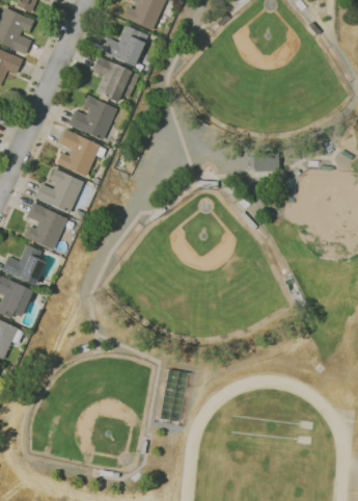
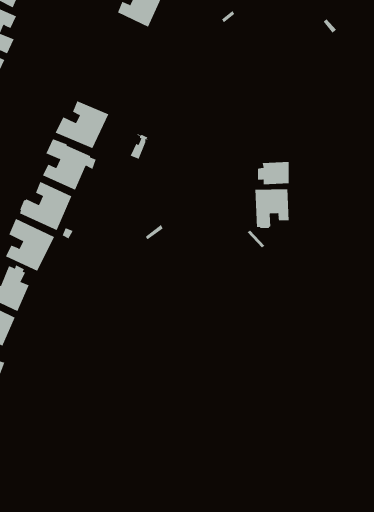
building: [102,25,147,65] -> none
building: [92,56,138,101] -> none
building: none -> [255,188,289,229]

